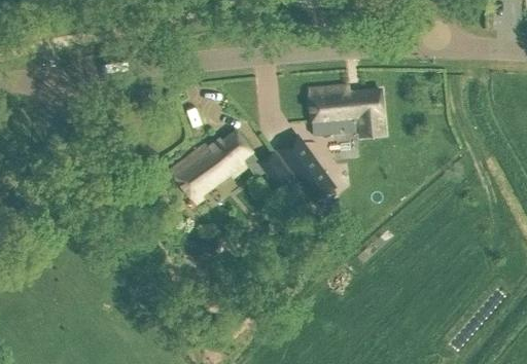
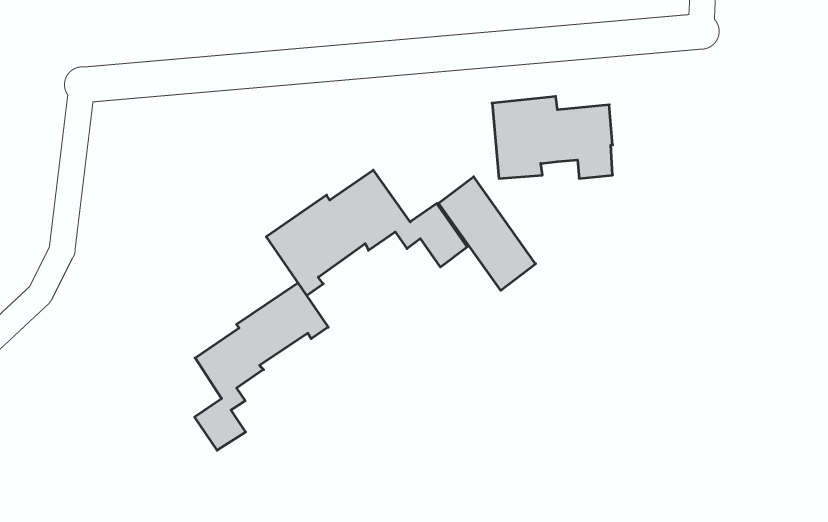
building: none -> [195,283,328,450]

